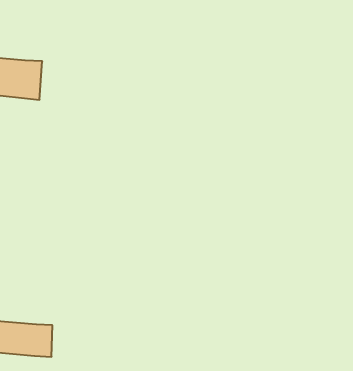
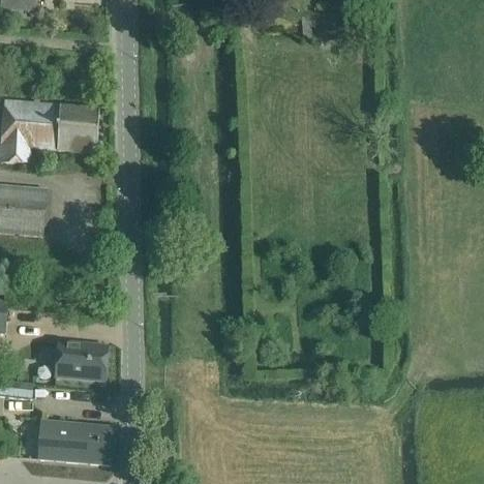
building: none -> [55,342,107,380]

